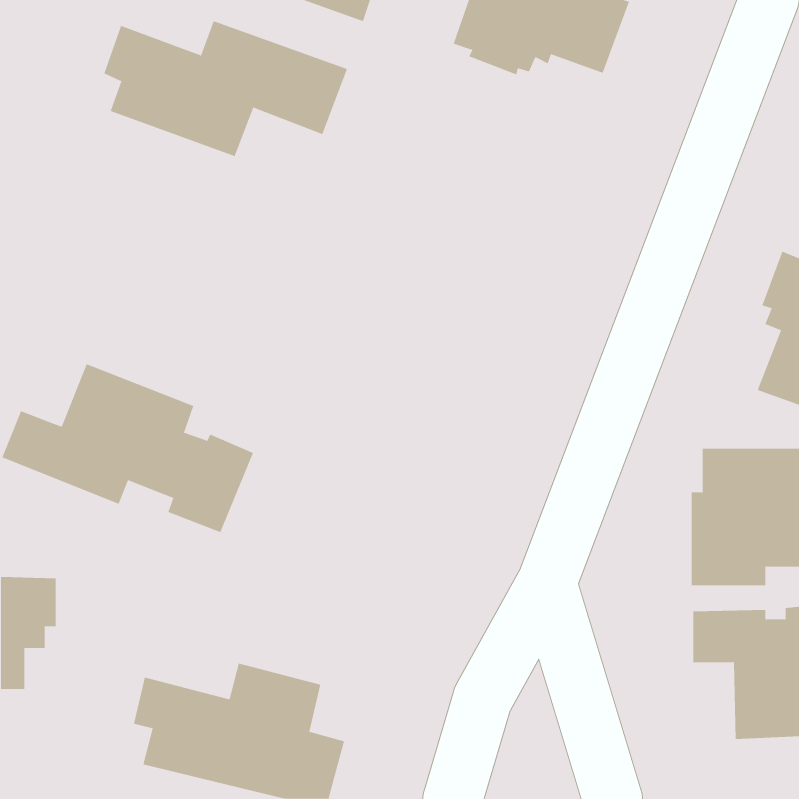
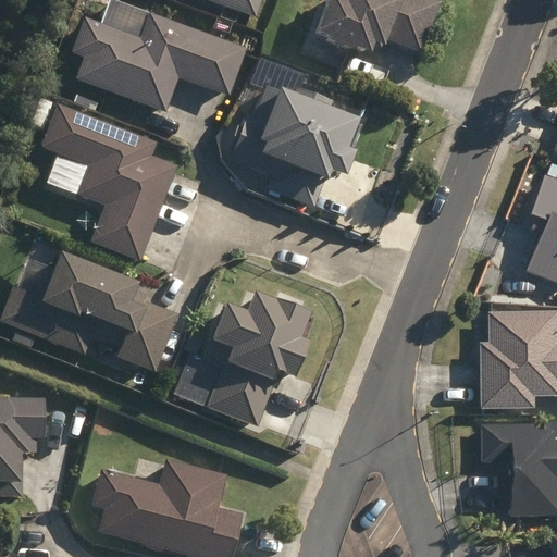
building: none -> [231,84,362,205]
building: none -> [44,104,174,258]
building: none -> [202,294,311,428]

